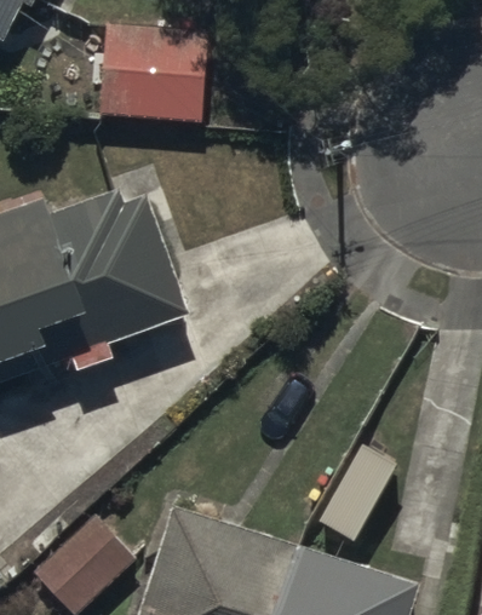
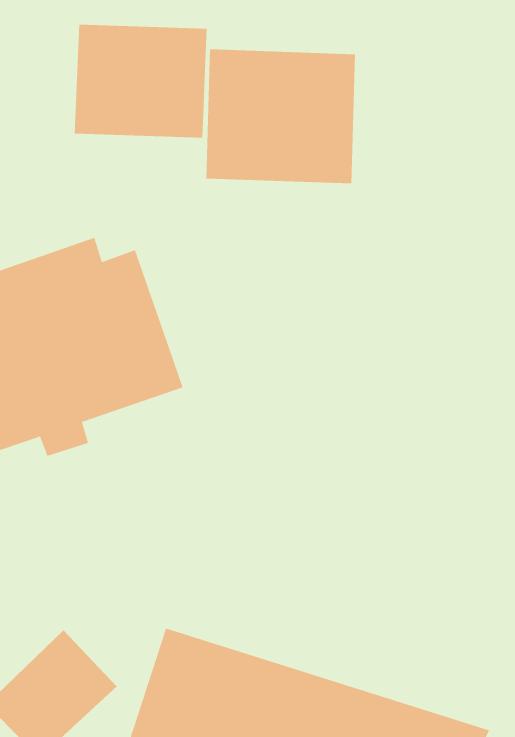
building: none -> [206,49,356,184]

